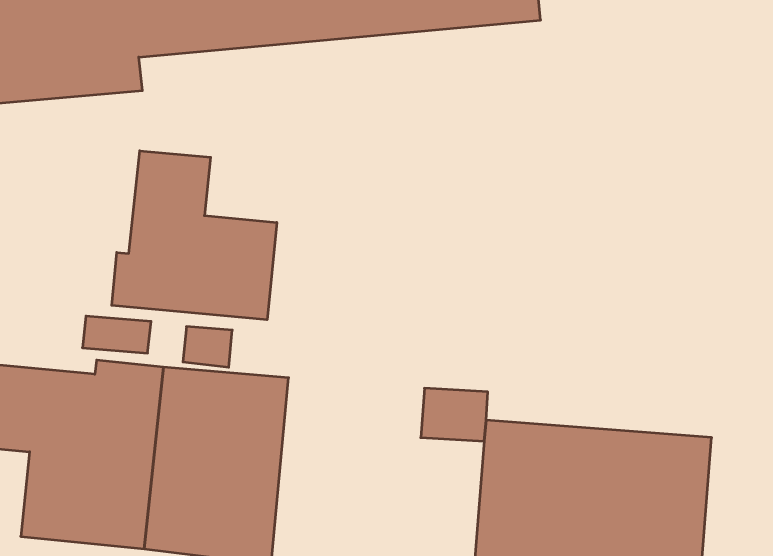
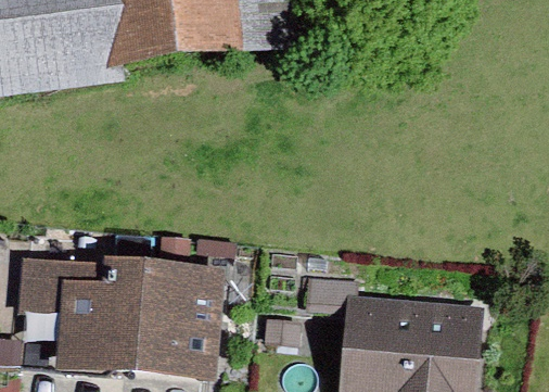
building: [112,151,277,320] -> none

